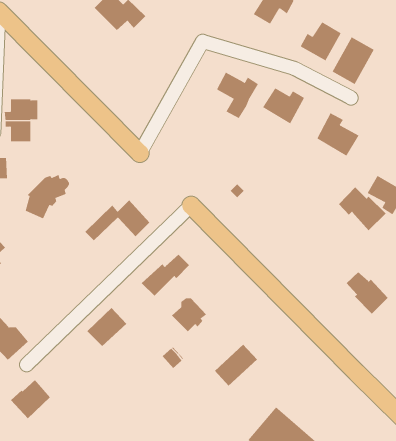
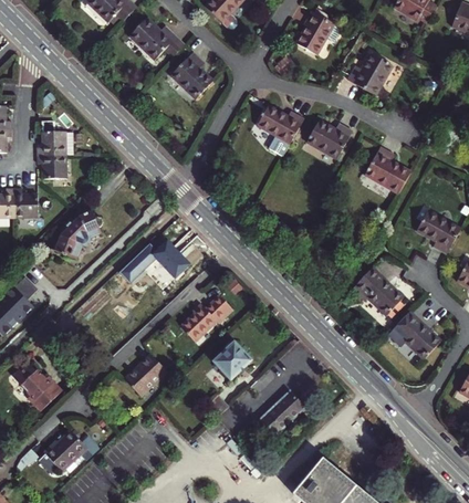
building: none -> [170,52,212,99]
building: [332,37,375,85] -> none
building: [338,186,386,231] -> [355,269,406,316]

